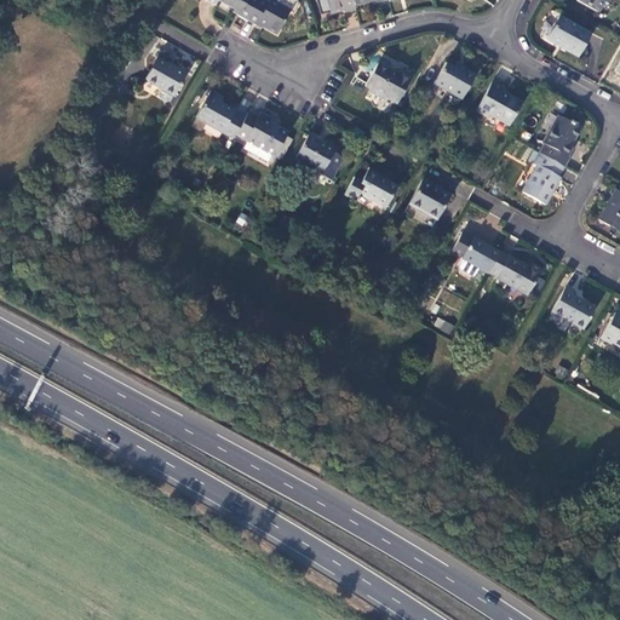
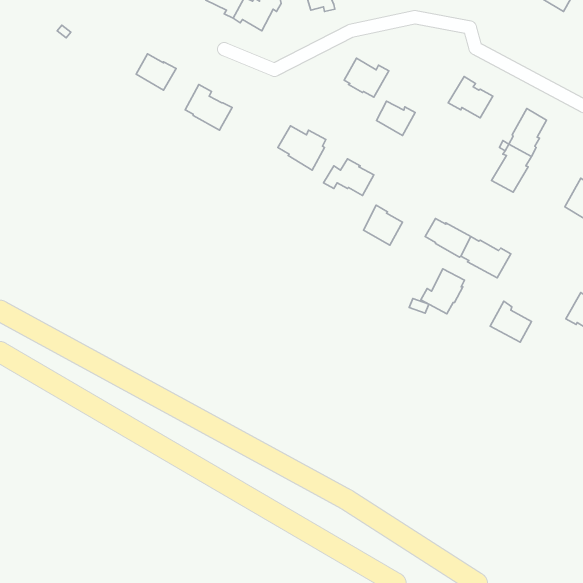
building: [546,16,591,56] -> none
building: [435,62,476,98] -> [376,101,415,135]
building: [236,111,288,155] -> none
building: [409,177,450,219] -> [364,205,402,245]
building: [552,285,596,328] -> [490,301,531,342]
building: none -> [421,269,465,314]

